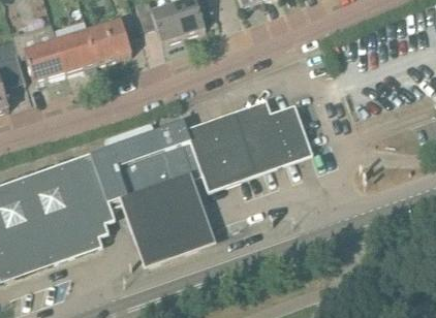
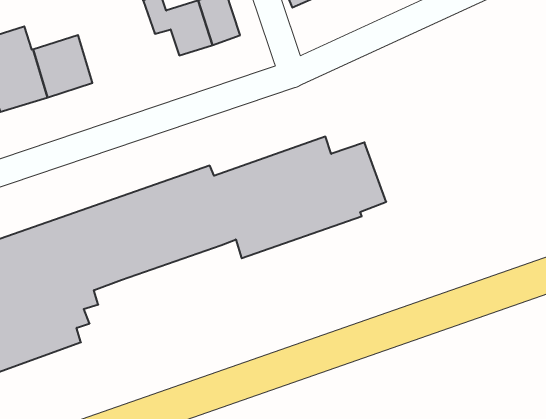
building: [90,19,132,62] -> none
building: [121,178,217,269] -> none

